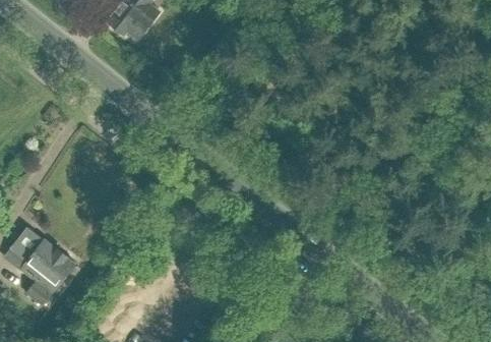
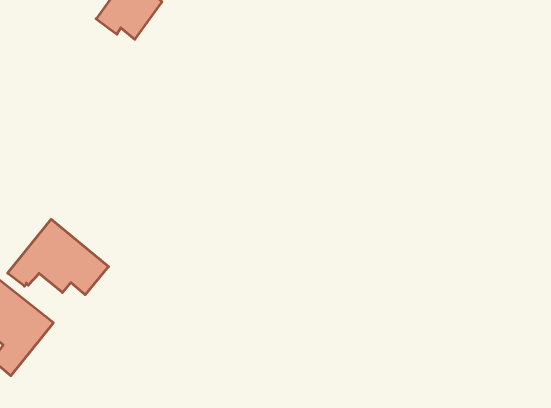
building: none -> [8,219,109,295]

